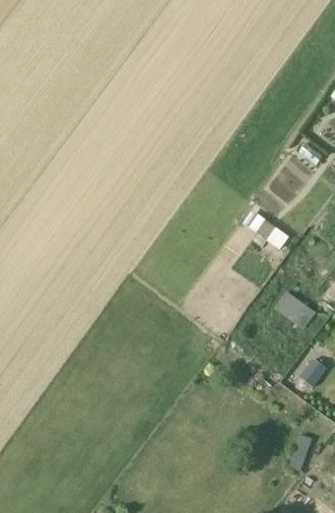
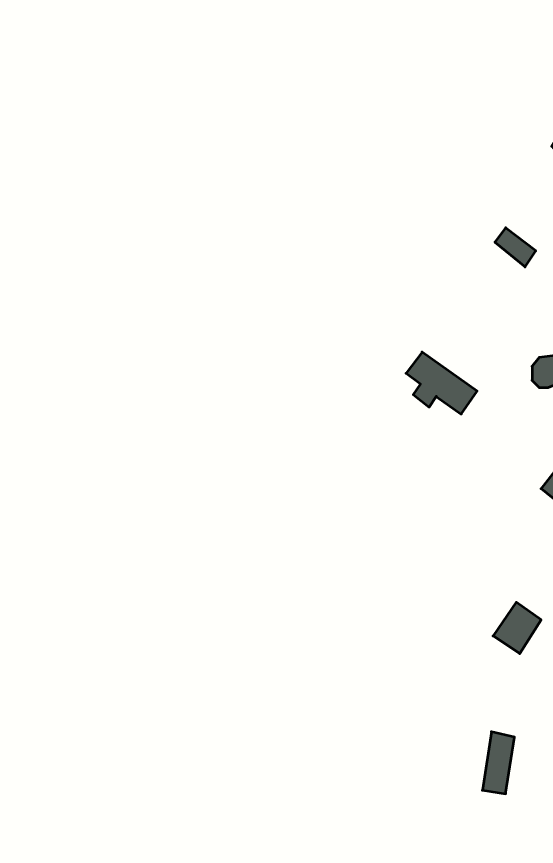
building: [274,290,316,327] -> none

